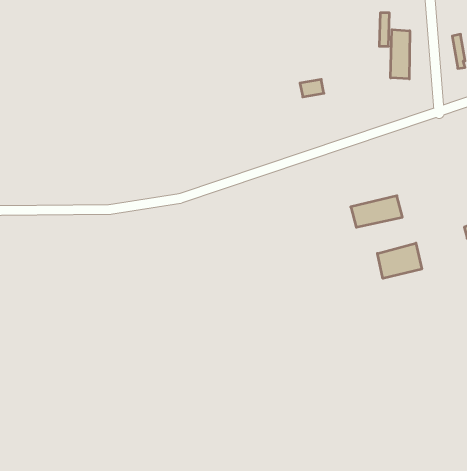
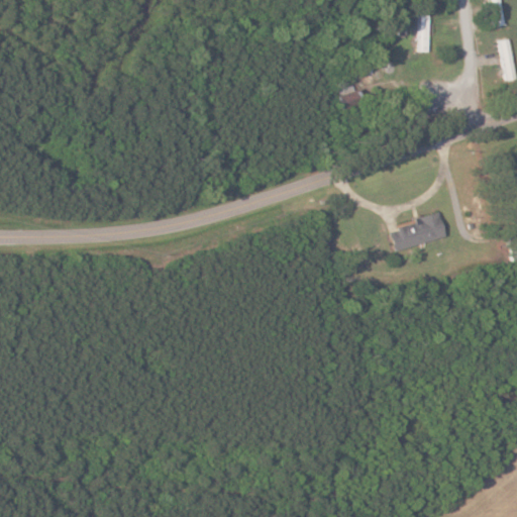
building: [391,30,410,79] -> none
building: [377,243,422,278] -> none

